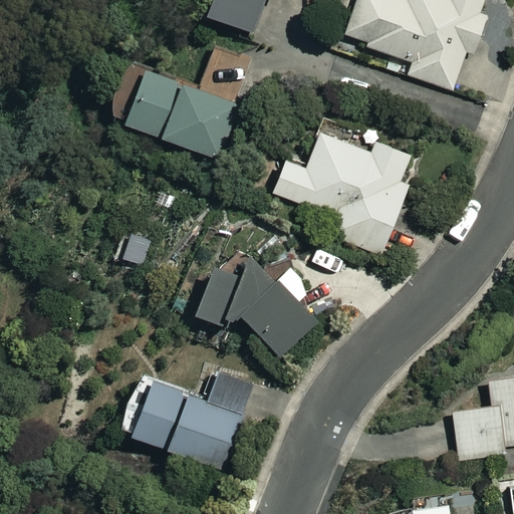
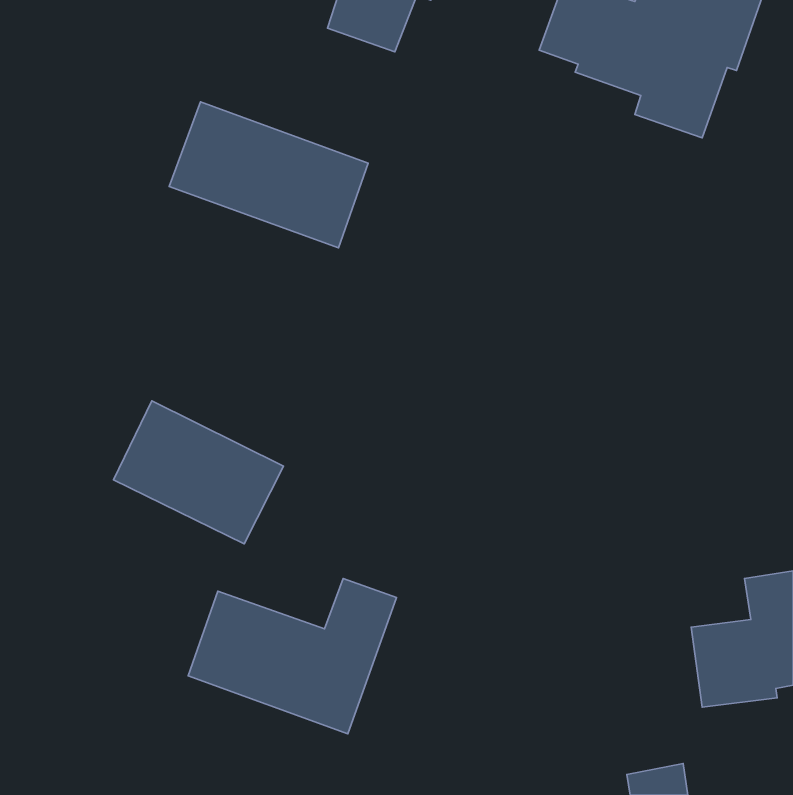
building: [274,134,413,253] -> none
building: none -> [113,401,283,544]
building: [200,262,319,359] -> none

